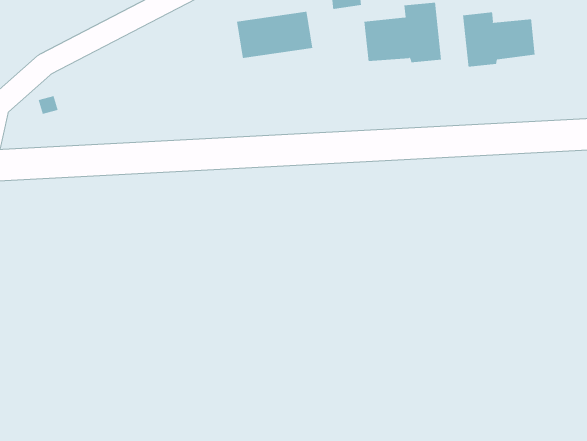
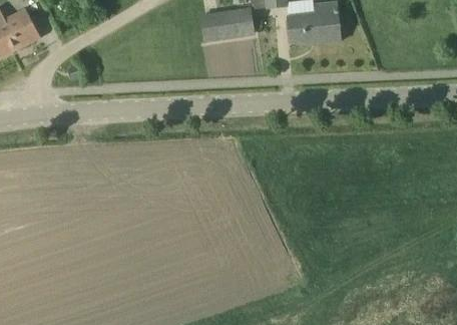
building: [463,11,535,68] -> none

